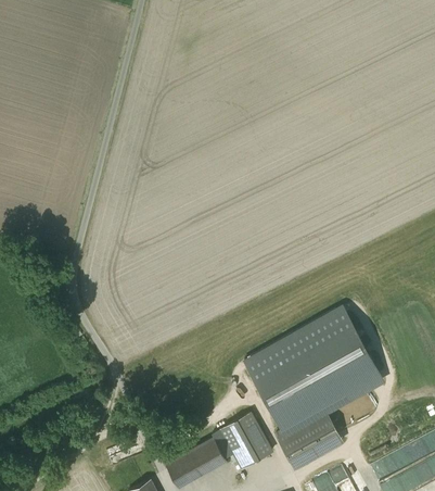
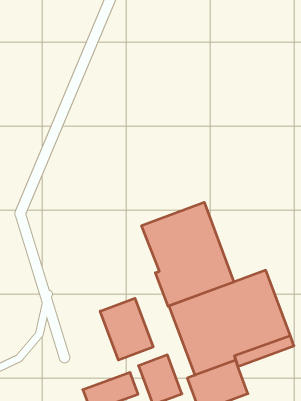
building: none -> [142,202,234,306]
building: none -> [100,298,153,360]

